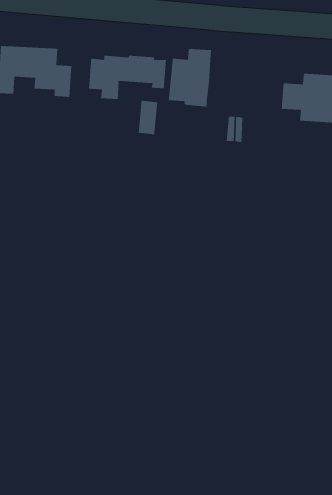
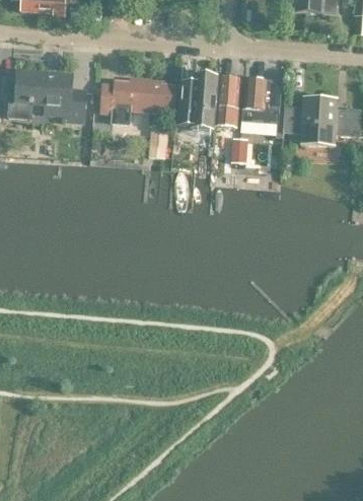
building: none -> [213,74,239,126]
building: none -> [240,77,281,133]

